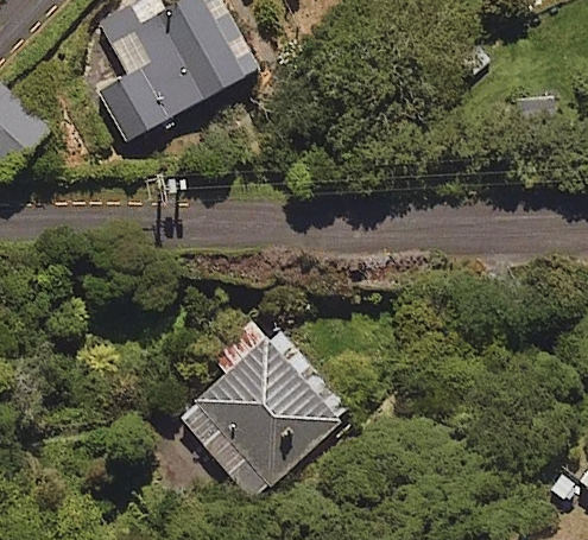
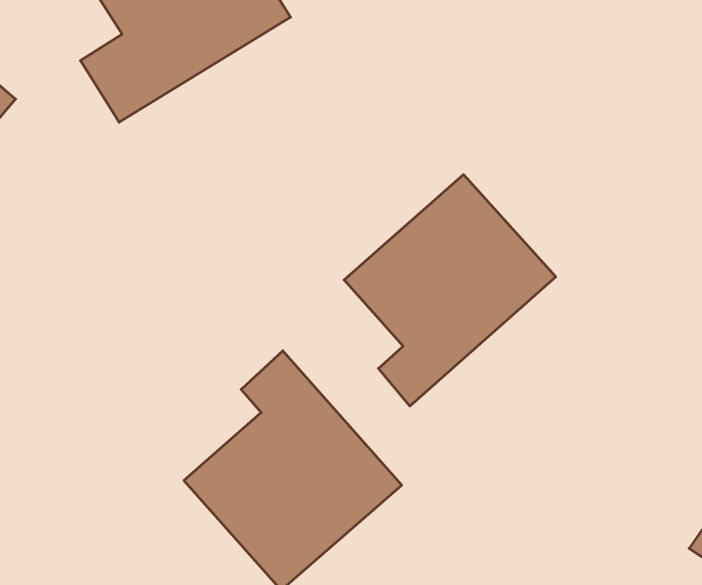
building: none -> [344,175,556,406]

